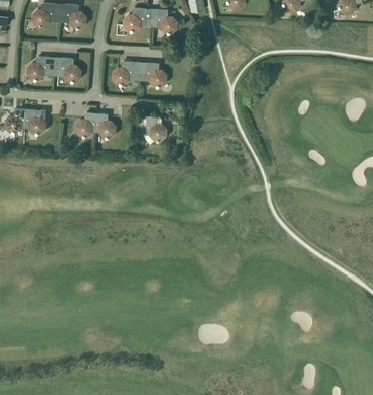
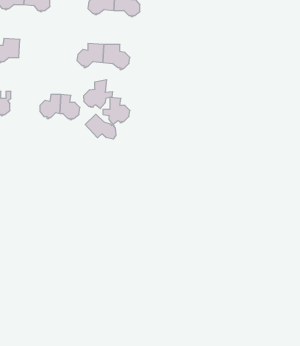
building: [54,57,80,82] -> none
building: none -> [84,80,113,109]
building: none -> [85,114,116,139]

